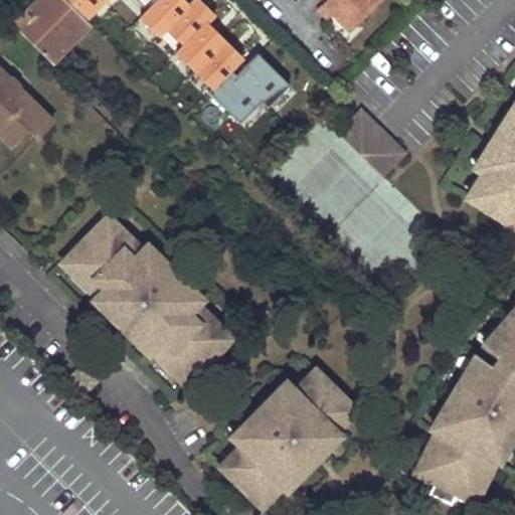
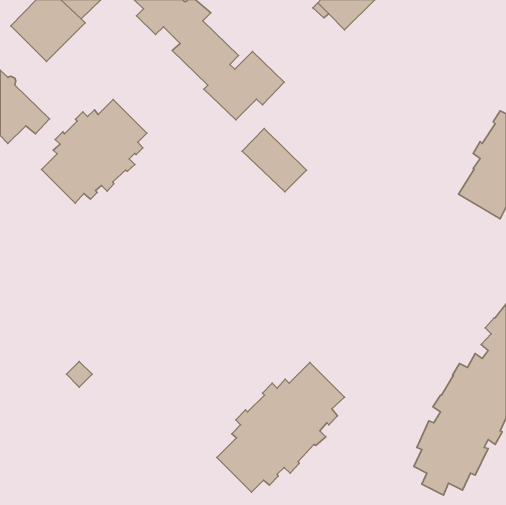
building: none -> [41,100,147,203]
building: [338,110,403,174] -> [242,129,307,192]
building: [60,215,231,384] -> none

